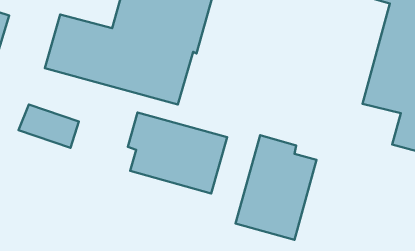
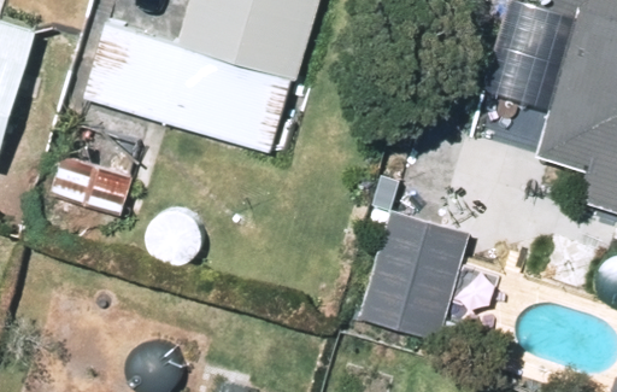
building: [128,112,227,194] -> none

